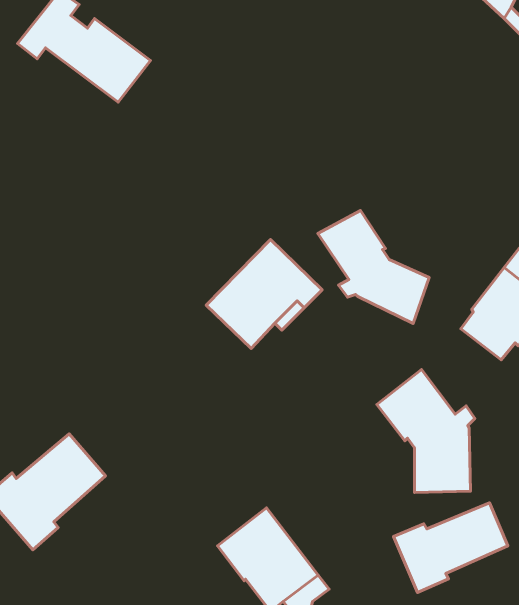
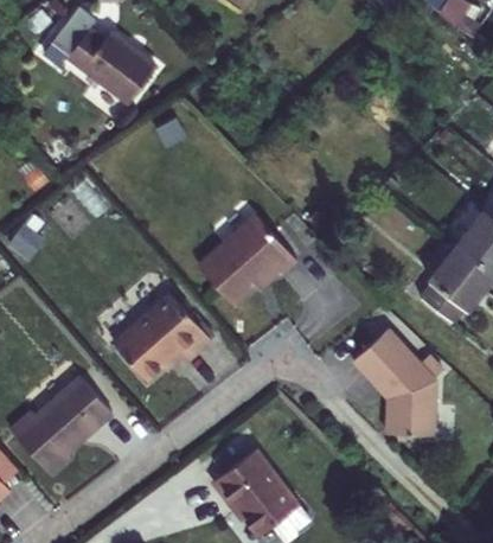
building: [318,210,429,323] -> none
building: none -> [114,293,212,379]
building: [393,503,508,593] -> none

